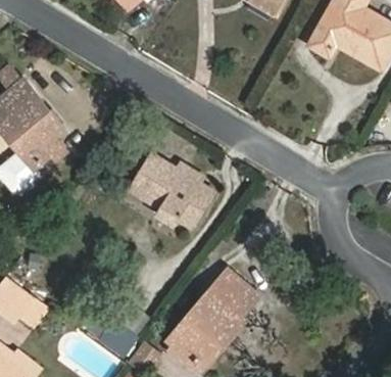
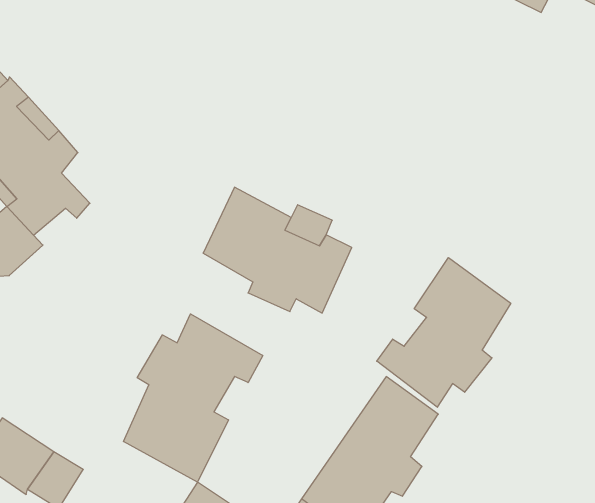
building: none -> [377,258,511,407]
building: none -> [124,314,263,482]

